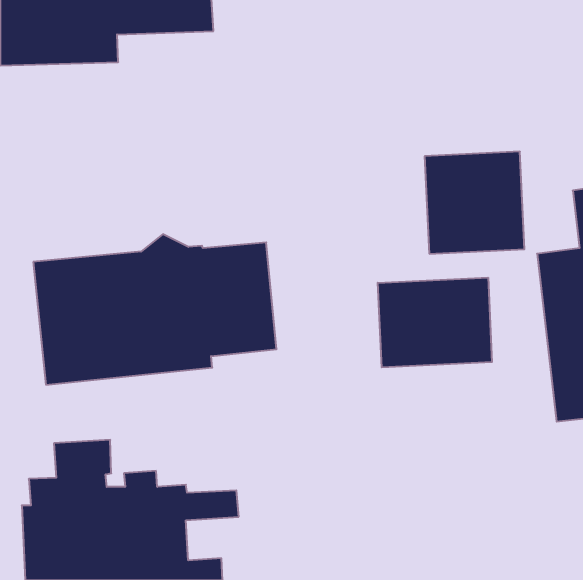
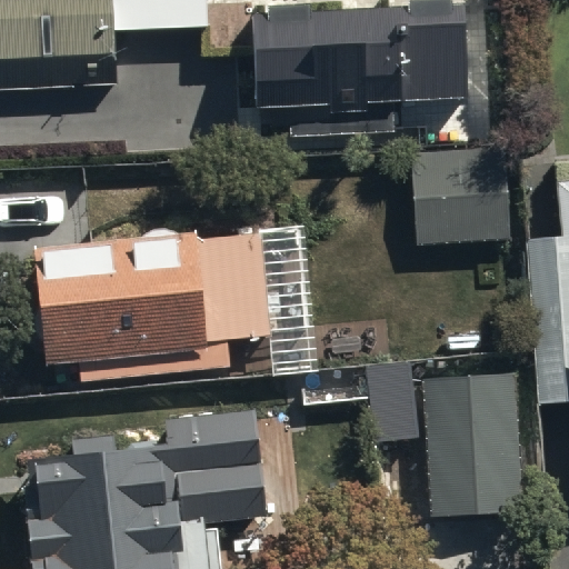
building: none -> [253,4,469,127]
building: [378,278,492,367] -> none
building: none -> [423,367,523,510]

